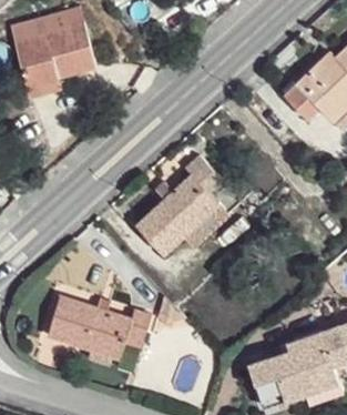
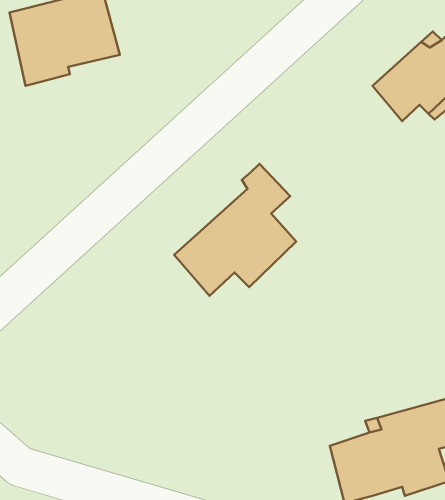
building: [52,293,153,371] -> none

